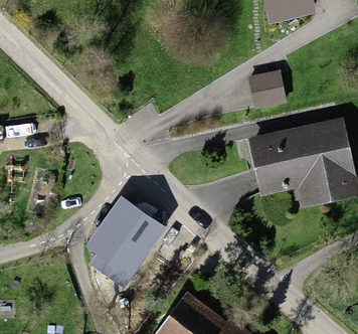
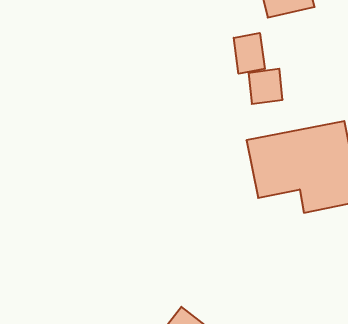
building: none -> [234,33,265,74]
building: [88,199,164,288] -> none

